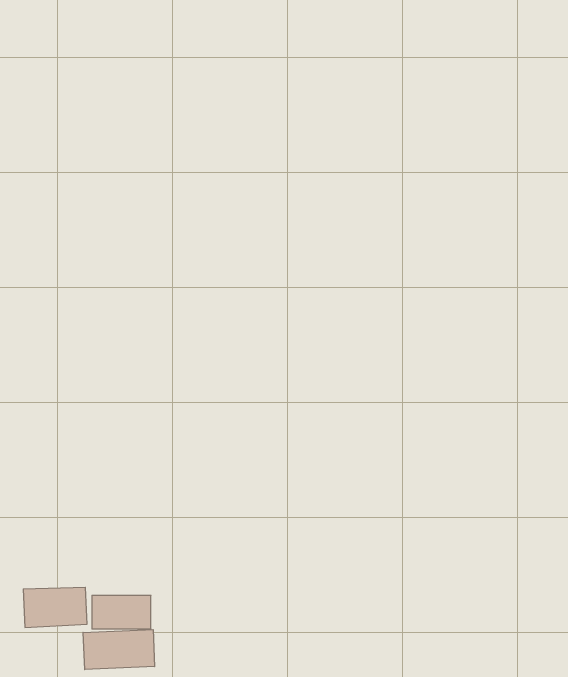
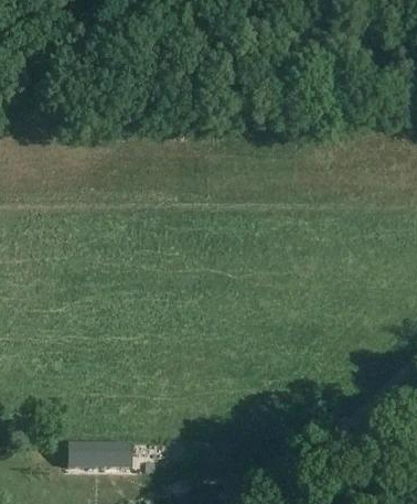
building: [83,630,155,670] -> none

